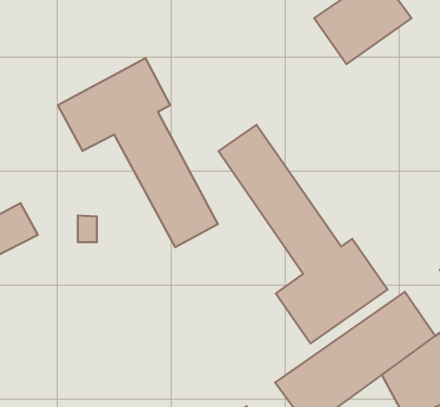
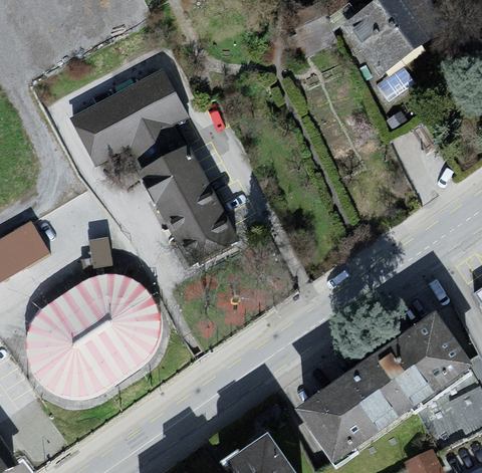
building: [219,125,388,343] -> none
building: none -> [26,274,164,395]

